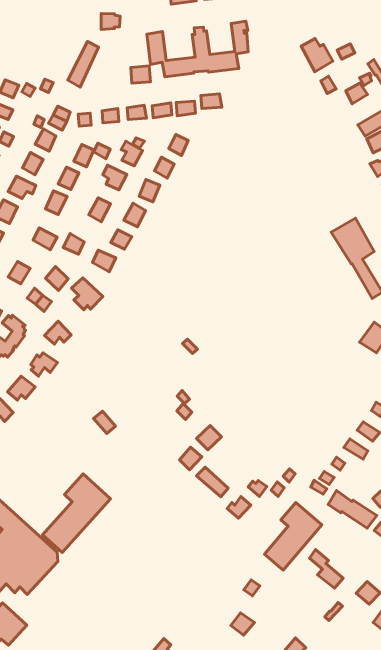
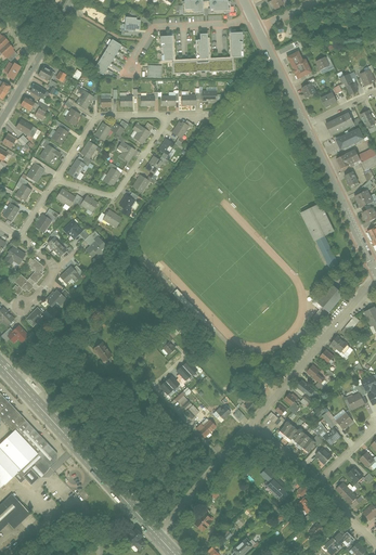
building: [43,474,111,553] -> none
building: [265,502,322,570] -> none

